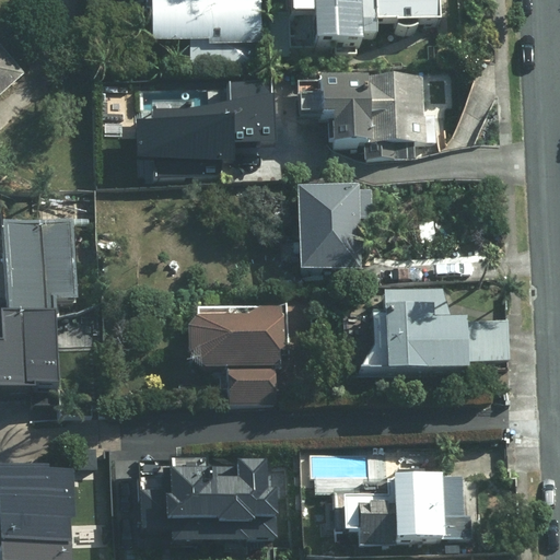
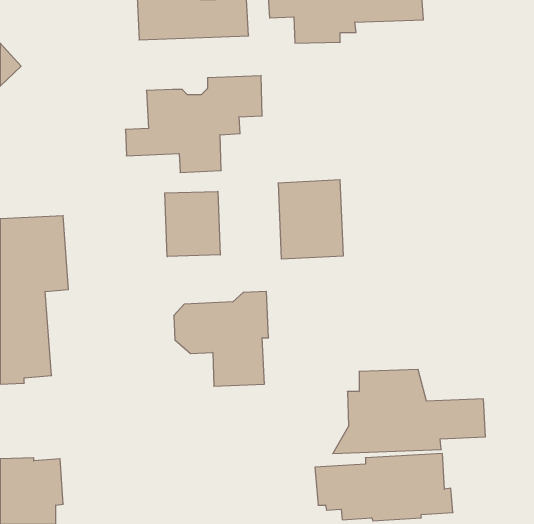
building: [317,71,425,144] -> none
building: none -> [165,191,220,257]
building: [354,285,513,373] -> [333,369,485,454]
building: [138,441,282,532] -> none

